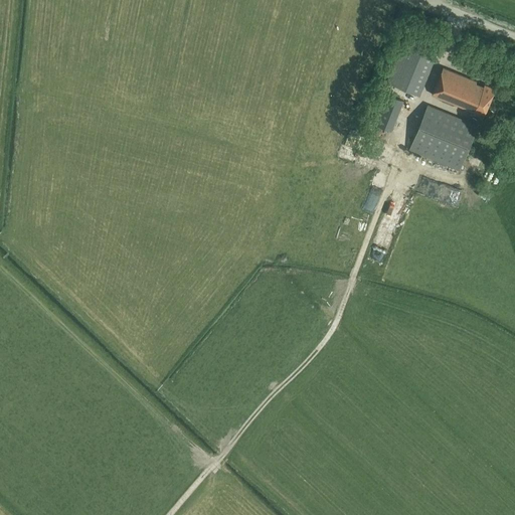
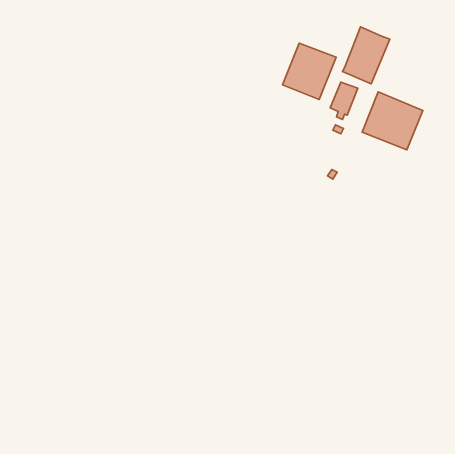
building: none -> [283,43,336,100]
building: [433,69,495,117] -> none

